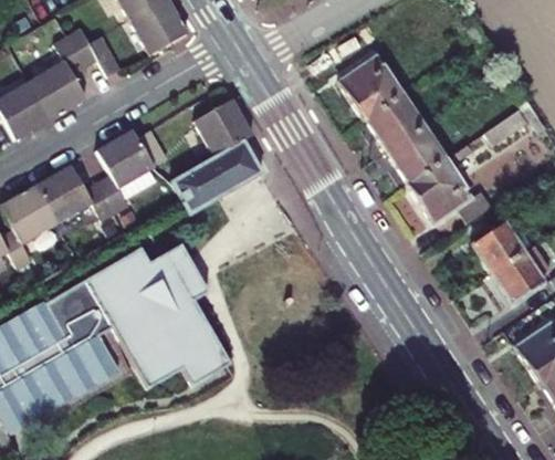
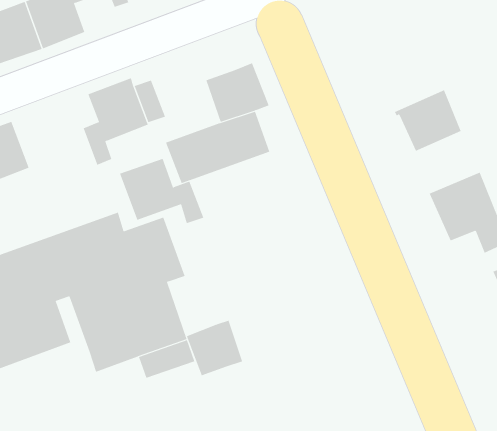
building: [338,54,404,119] -> none
building: [388,126,447,185] -> none
building: [36,165,116,222] -> [119,158,204,224]
building: none -> [186,320,243,376]

